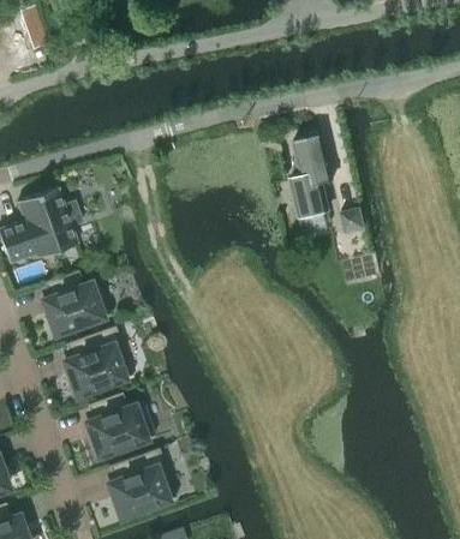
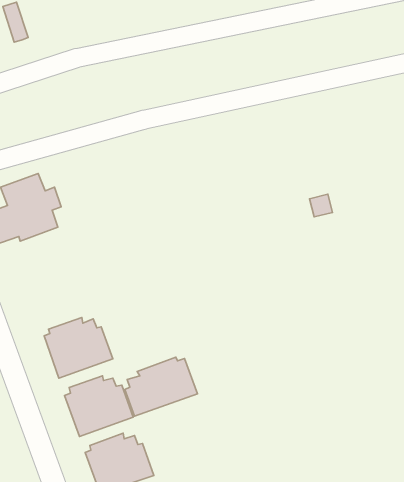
building: [289,133,333,218] -> none
building: [40,277,112,341] -> none
building: none -> [125,357,197,416]

